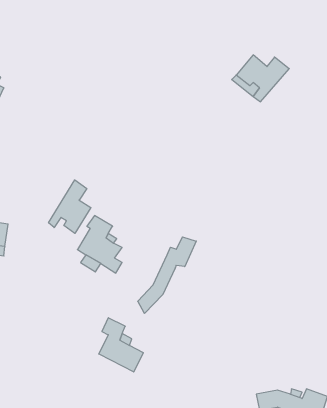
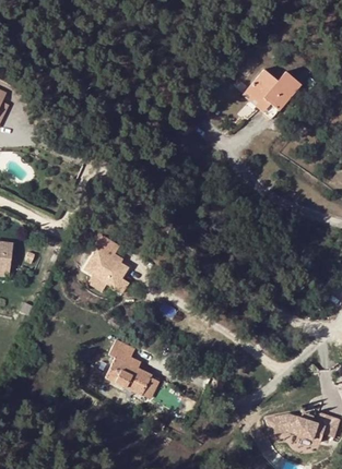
building: [49,180,91,233] -> none
building: [138,237,196,313] -> none

